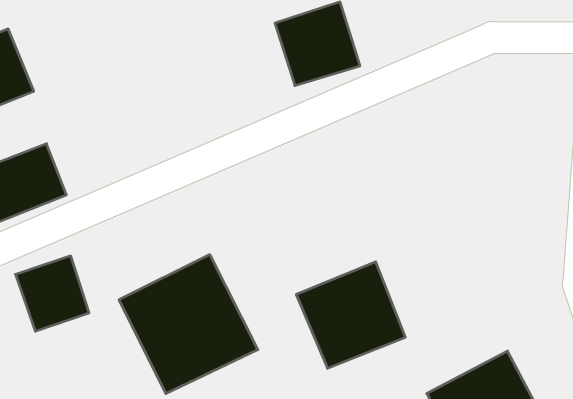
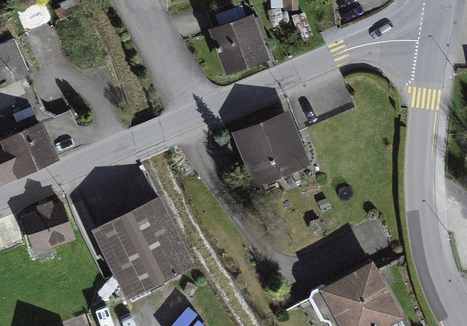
building: [296,262,405,368] -> [235,108,312,183]

